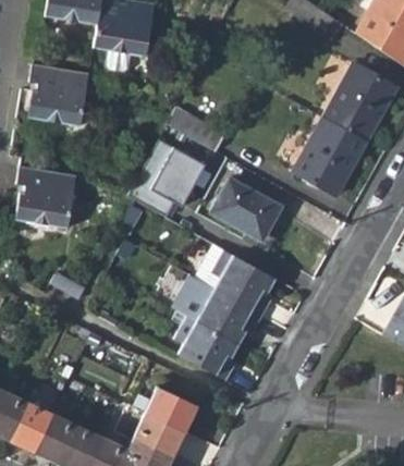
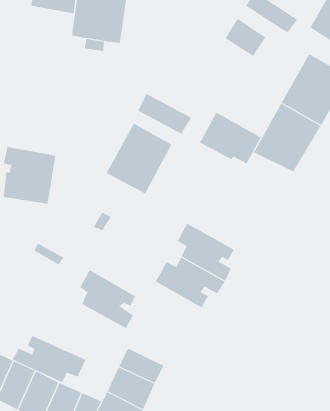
building: none -> [225,18,266,57]
building: [28,59,88,124] -> none
building: [210,180,279,237] -> [199,112,262,164]
building: [174,314,236,379] -> [79,269,136,329]
building: none -> [12,335,86,383]

